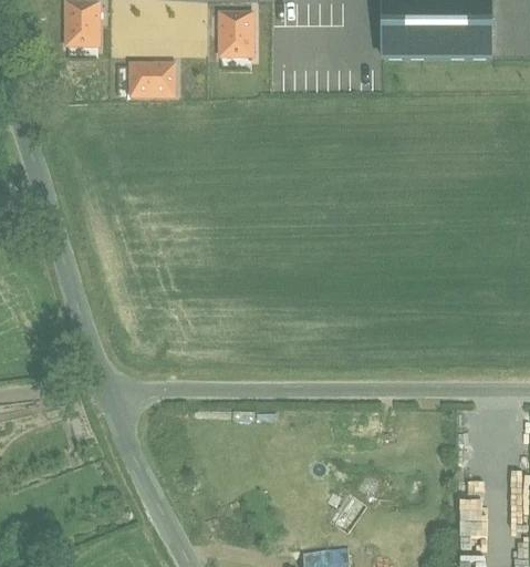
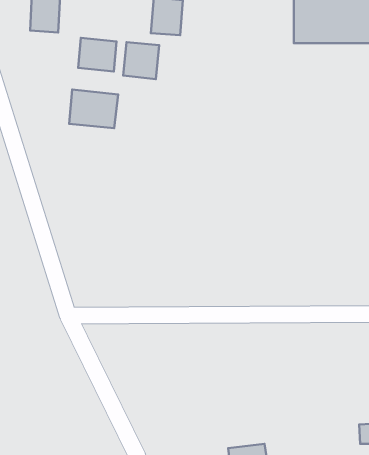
building: none -> [123,42,159,79]
building: none -> [69,90,118,128]

